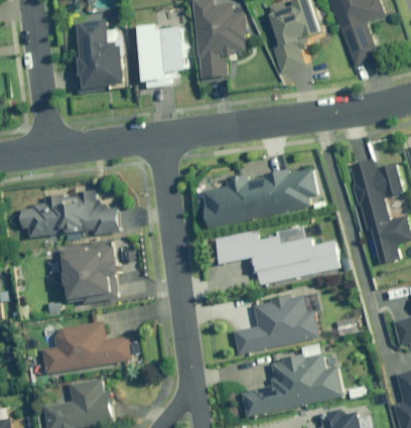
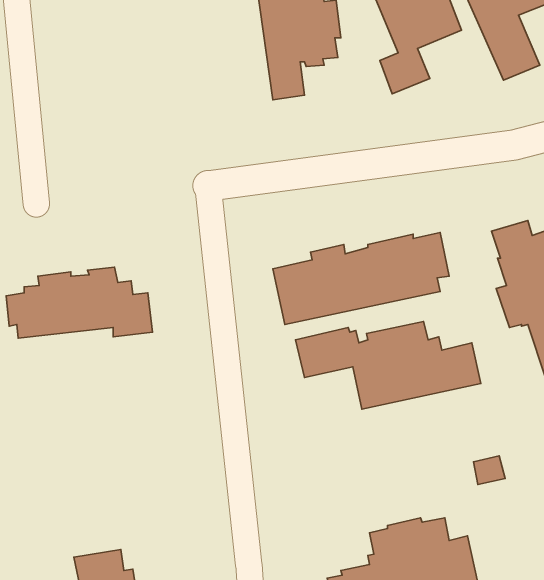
building: [73,19,125,90] -> none
building: [138,24,187,82] -> none
building: [61,243,122,300] -> none
building: [233,285,319,354] -> none
building: [41,322,129,372] -> none

